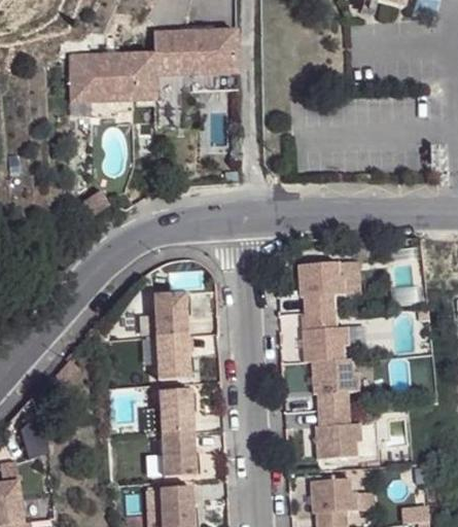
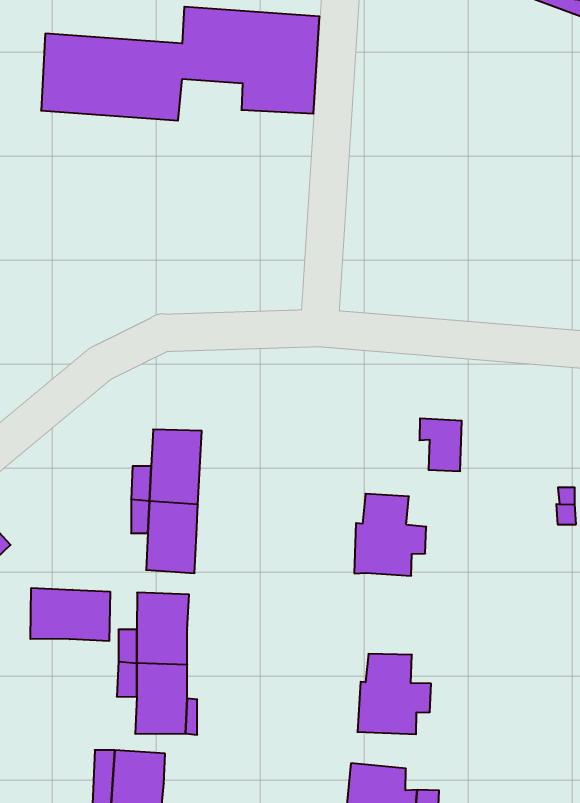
building: [293,266,337,315] -> none
building: [305,361,348,413] -> none
building: none -> [30,588,110,641]

